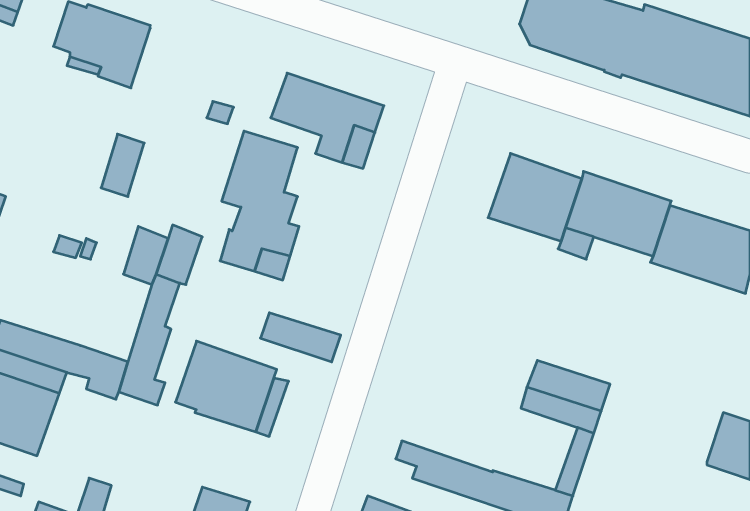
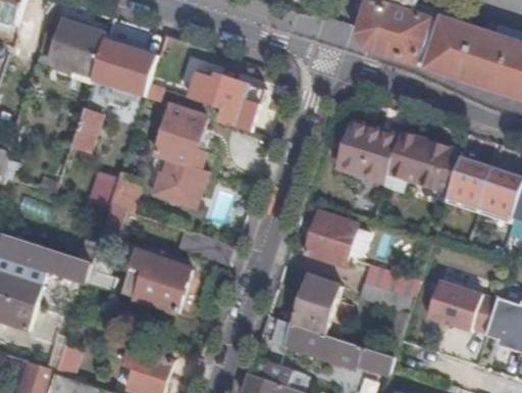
building: none -> [91,36,148,93]
building: none -> [304,210,369,265]
building: none -> [291,273,341,334]
building: none -> [427,280,497,333]

